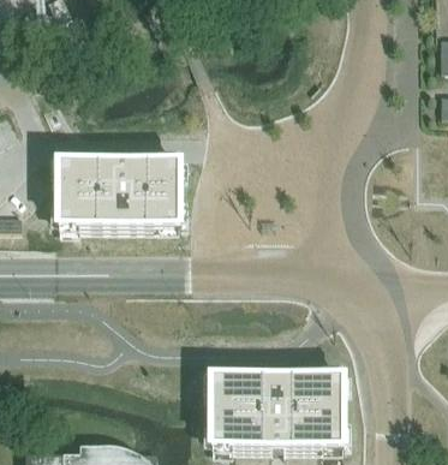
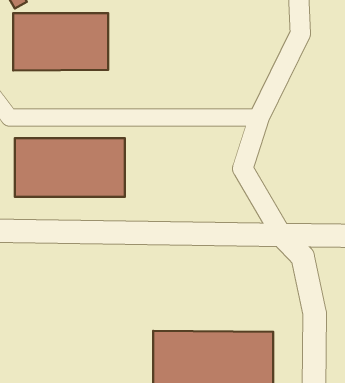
building: none -> [13,13,108,71]

